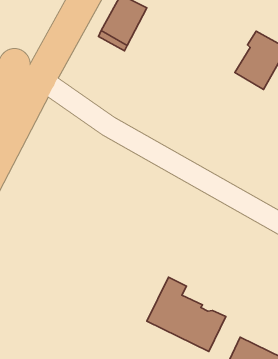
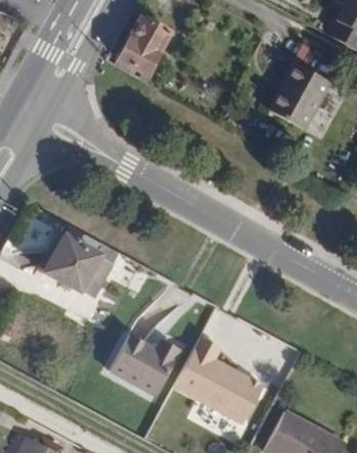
building: none -> [42,233,116,298]
building: none -> [110,332,182,398]

